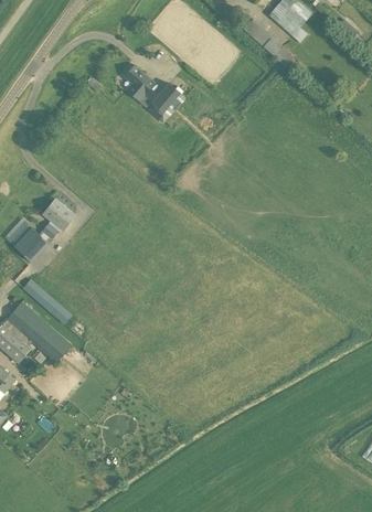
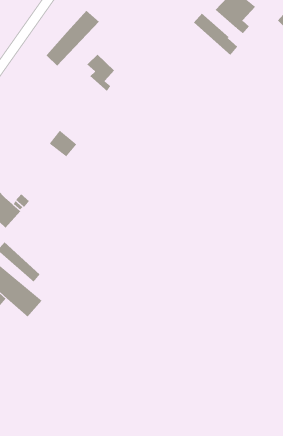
building: none -> [46,10,100,67]
building: [147,82,184,122] -> none
building: [42,199,74,230] -> [49,130,77,157]

